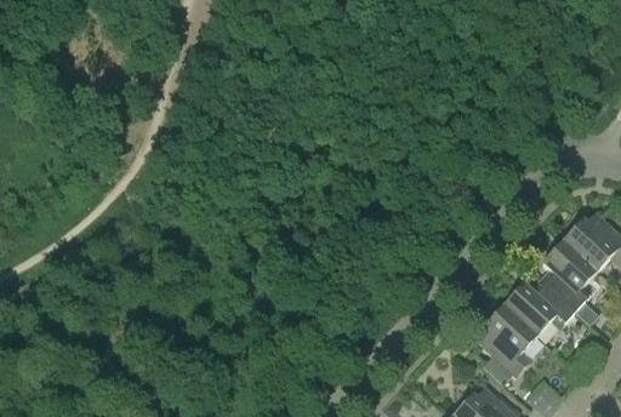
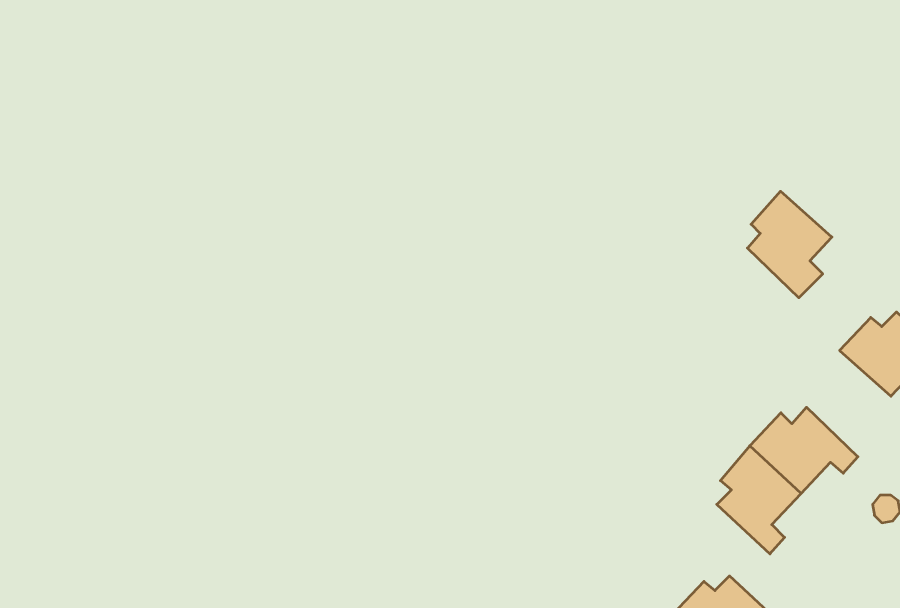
building: [540,241,596,312] -> [747,191,832,298]

